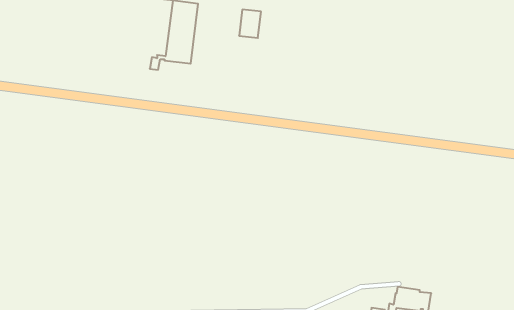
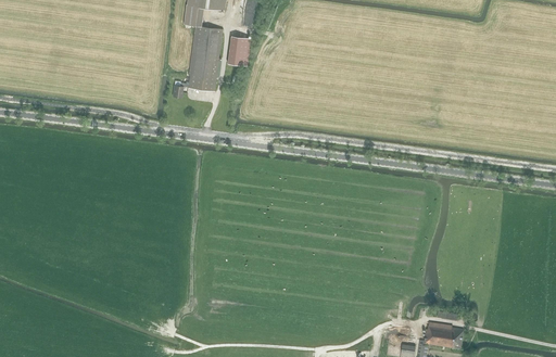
building: [239,10,261,38] -> [226,35,249,64]

